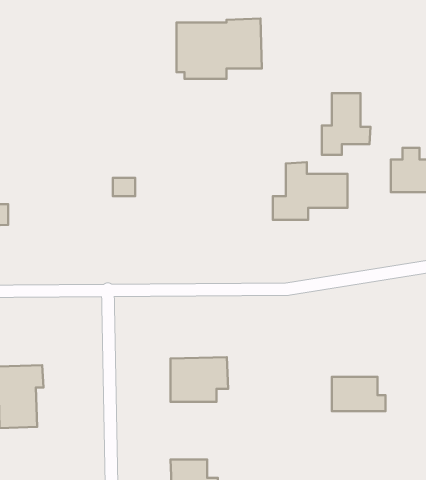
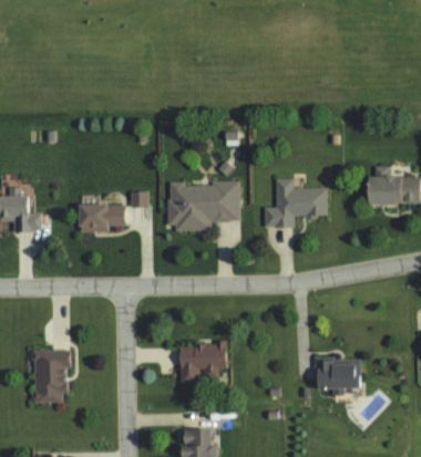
building: [177,19,262,79] -> [170,180,242,231]
building: [322,93,371,155] -> none
building: none -> [78,204,126,232]

